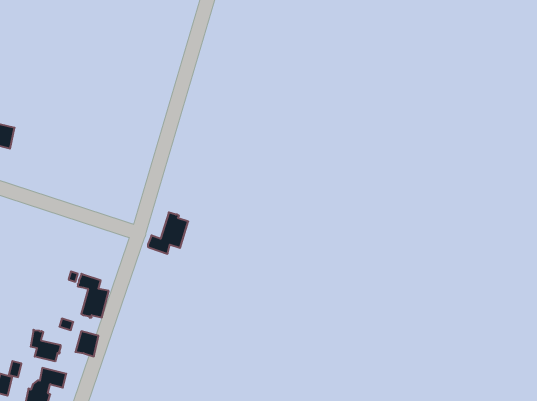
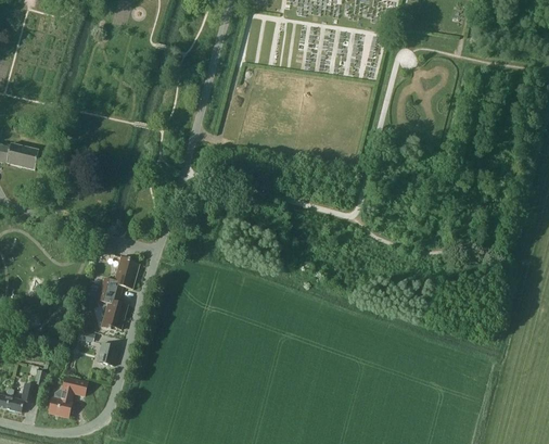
building: [148,212,188,254] -> [101,254,139,293]
building: [31,330,60,361] -> none

